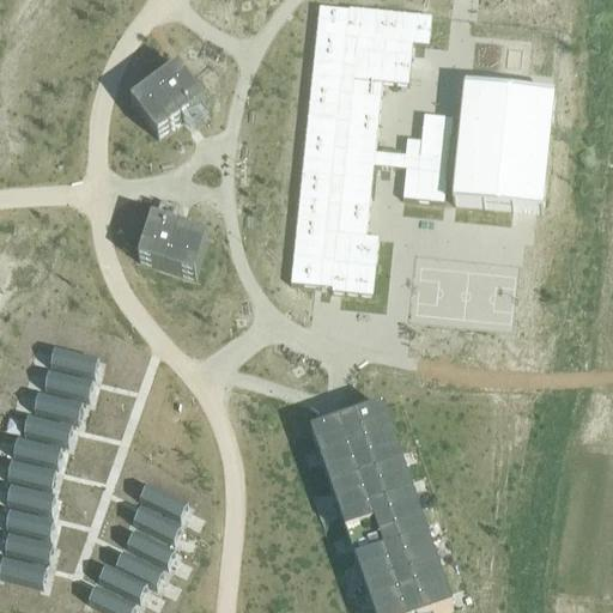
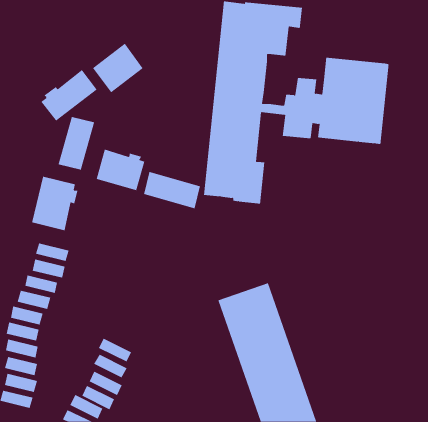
building: none -> [41,69,97,122]
building: none -> [58,116,95,170]
building: none -> [144,171,201,209]
building: none -> [31,176,78,231]

